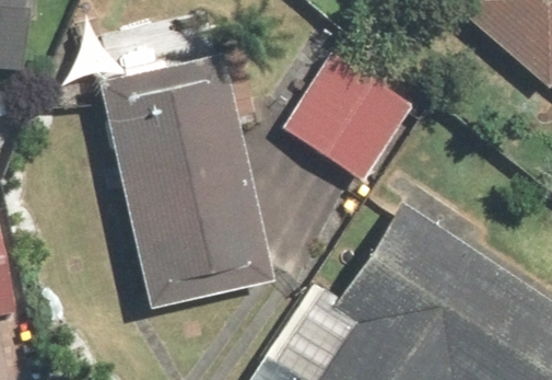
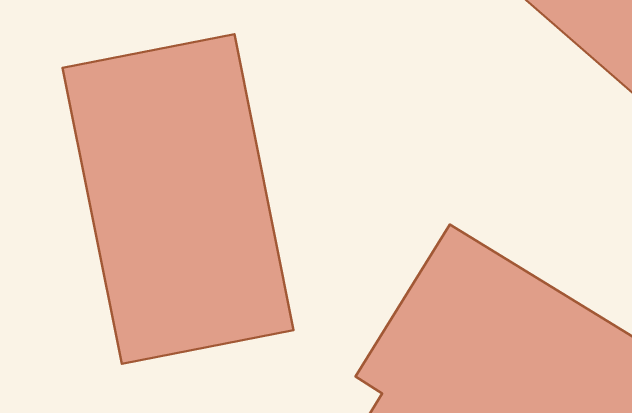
building: [274,46,406,183] -> none

